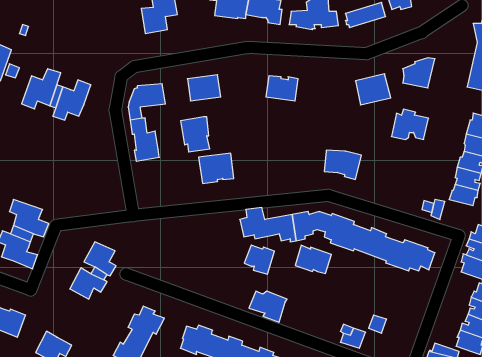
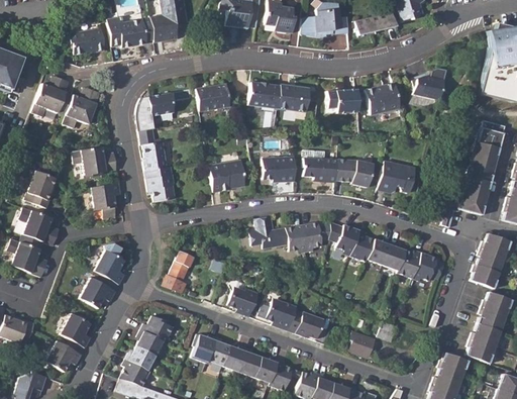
building: none -> [108,19,146,46]
building: none -> [68,26,104,52]
building: none -> [247,80,279,106]
building: none -> [327,88,357,111]
building: [391,109,429,139] -> [376,163,413,193]
building: [181,117,210,152] -> [145,166,175,201]
building: none -> [71,146,117,176]
building: none -> [300,149,336,182]
building: none -> [262,157,294,181]
building: none -> [24,170,56,208]
building: none -> [91,182,121,219]
building: none -> [163,252,194,294]
building: [244,245,274,274] -> [228,288,258,317]
building: [295,245,331,273] -> [289,311,325,339]
building: none -> [60,313,91,354]

